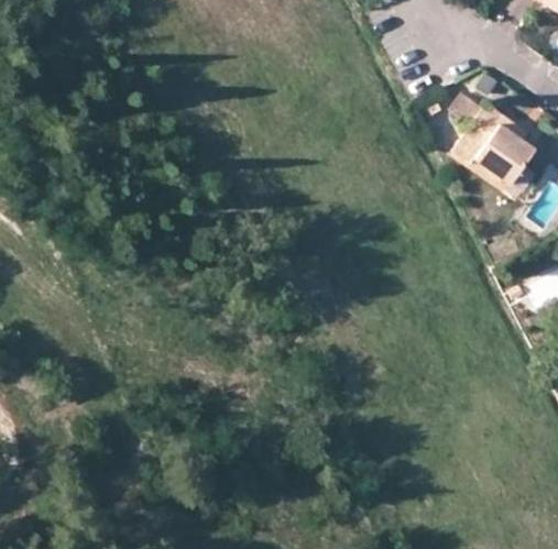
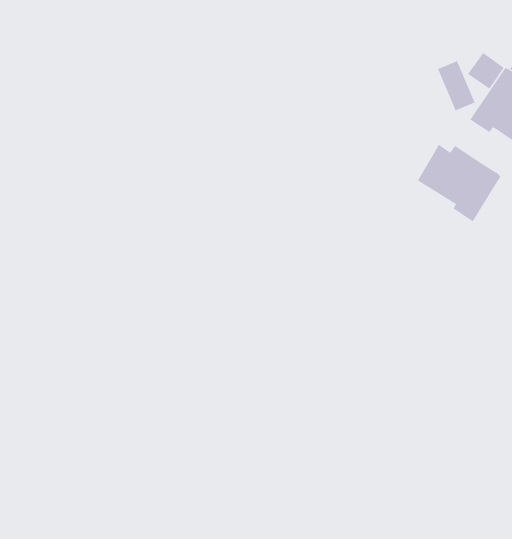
building: none -> [417,144,501,222]

